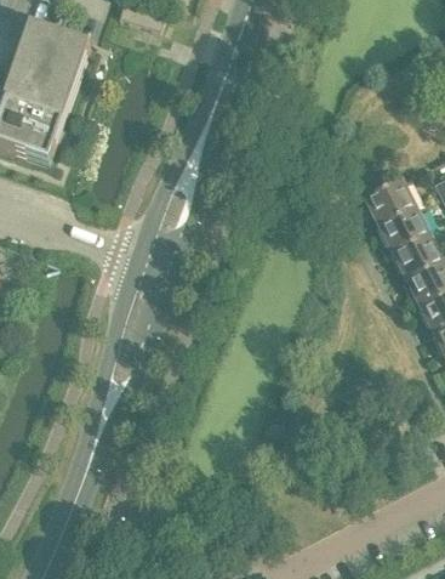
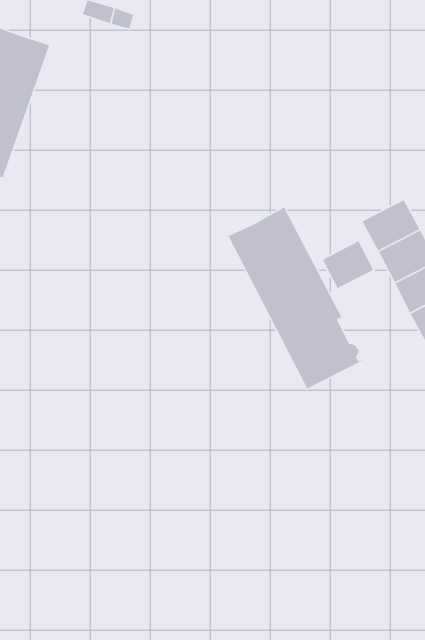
building: none -> [228,207,364,390]
building: none -> [322,240,374,289]

